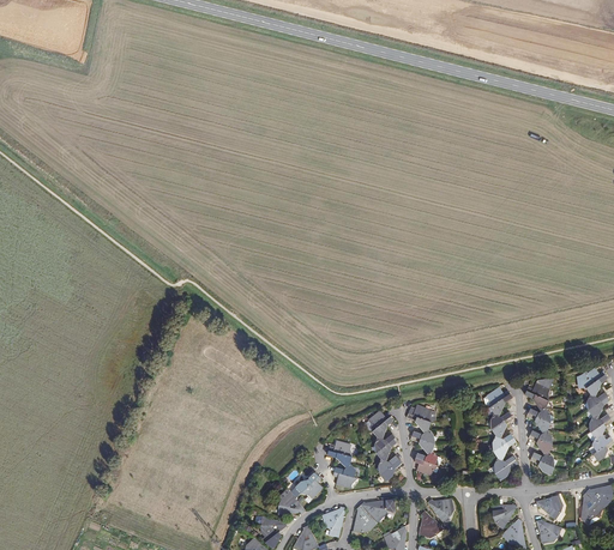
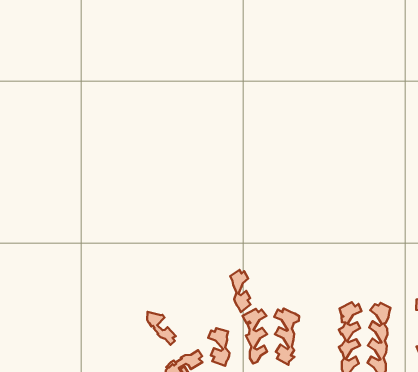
building: none -> [230,270,251,312]
building: none -> [147,312,176,345]

